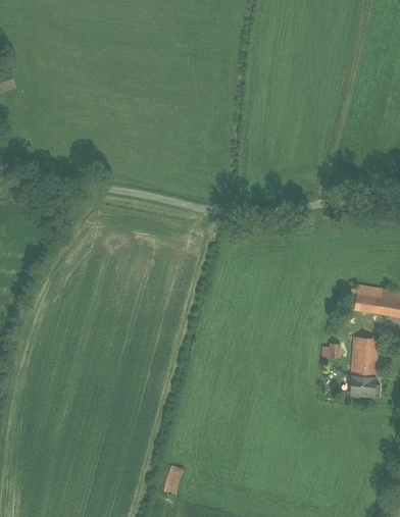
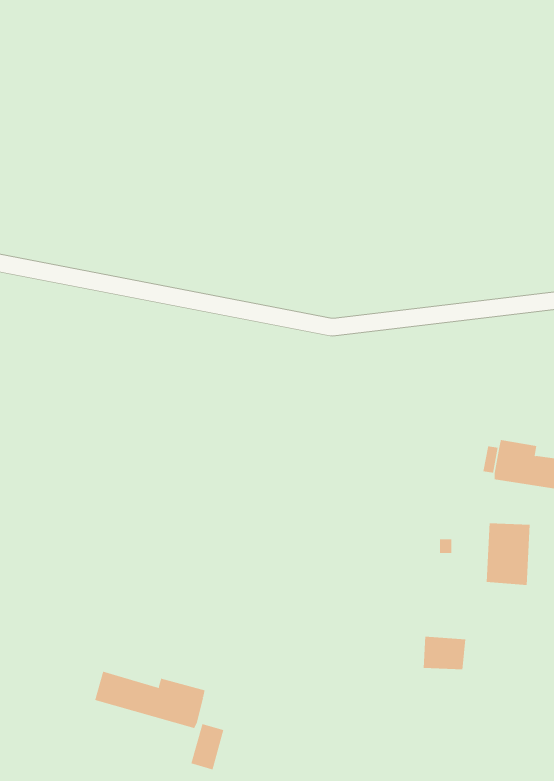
building: [350,375,378,397] -> [423,636,466,670]
building: none -> [95,671,205,729]

